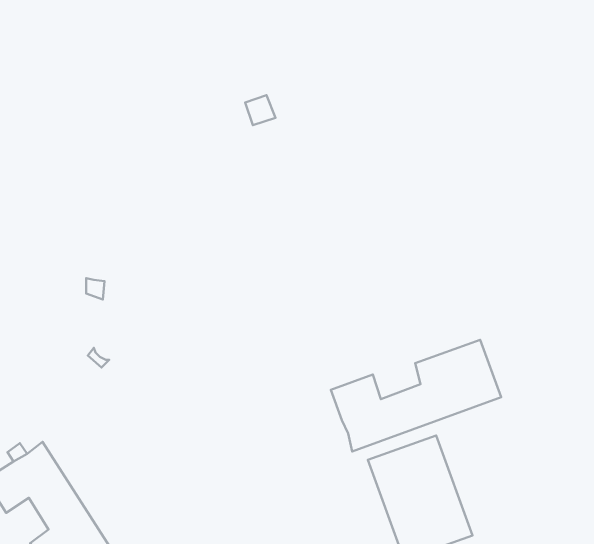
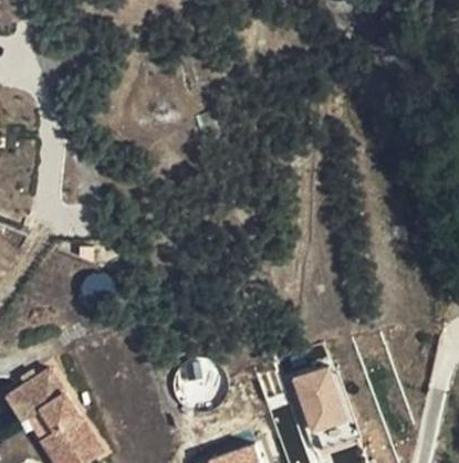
building: [331,340,501,451] -> none

